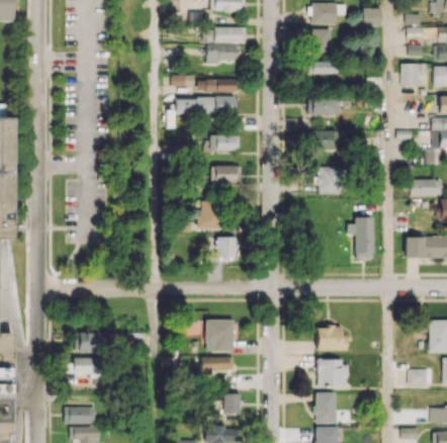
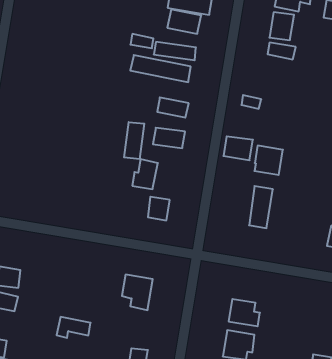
building: [306,97,339,115] -> none
building: [310,130,338,152] -> [223,136,253,160]
building: none -> [124,122,144,159]
building: [353,217,372,258] -> [249,186,273,228]
building: [200,356,233,376] -> [57,317,91,338]

